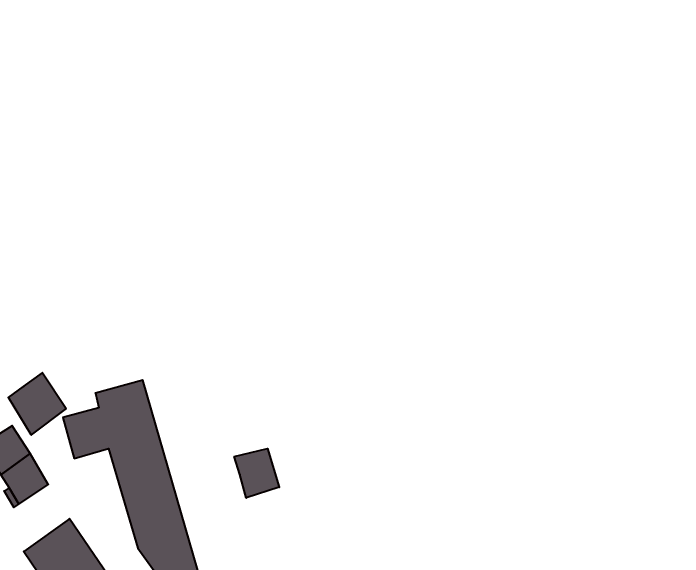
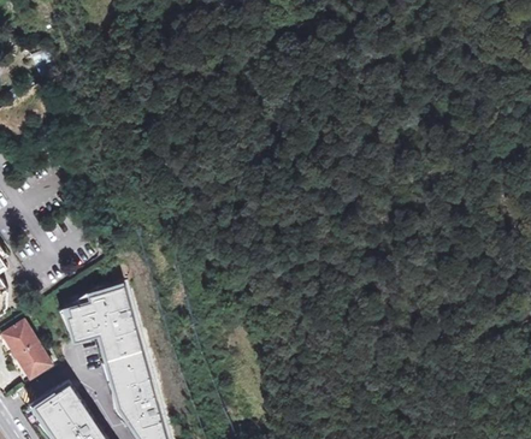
building: [8,373,66,435] -> none
building: [234,449,279,498] -> none

